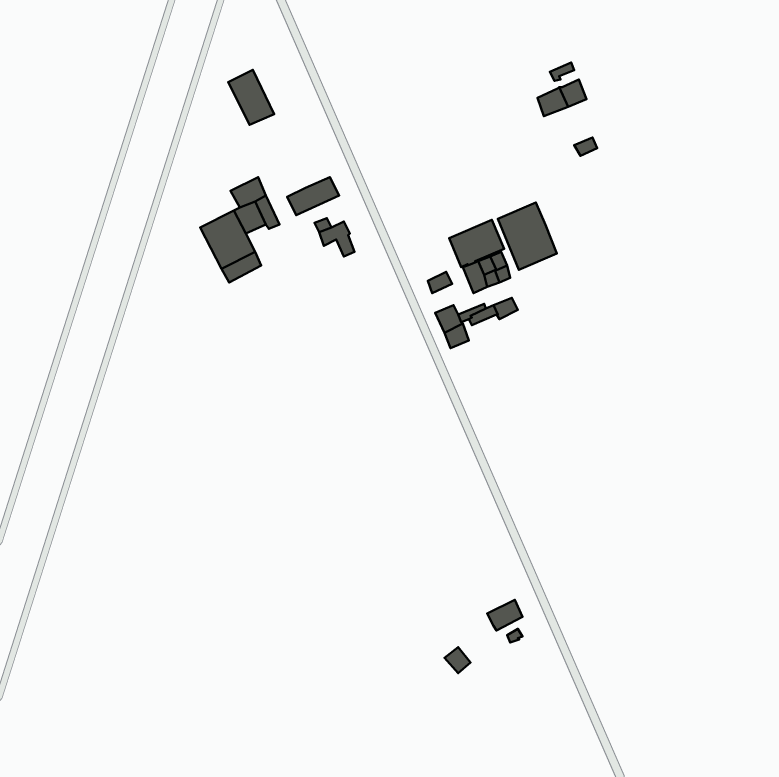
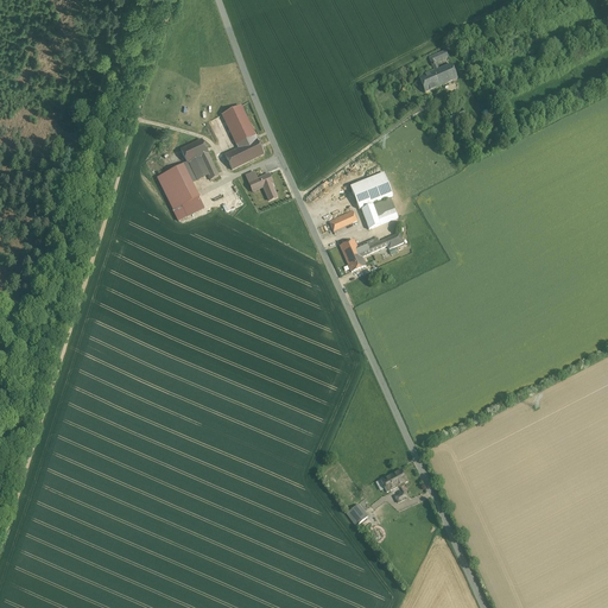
building: [228,70,274,125] -> [221,103,256,146]
building: [498,203,557,270] -> none

